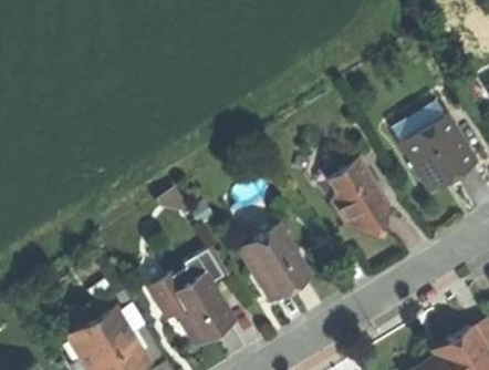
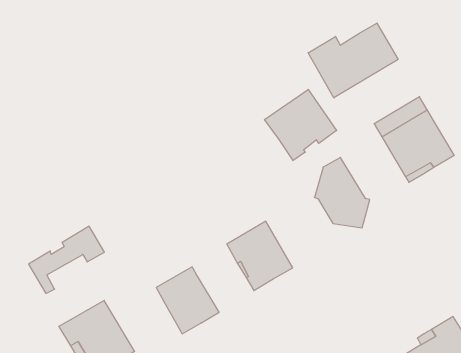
building: none -> [308,23,398,98]
building: none -> [265,89,337,161]
building: [152,247,229,316] -> [29,226,104,293]

